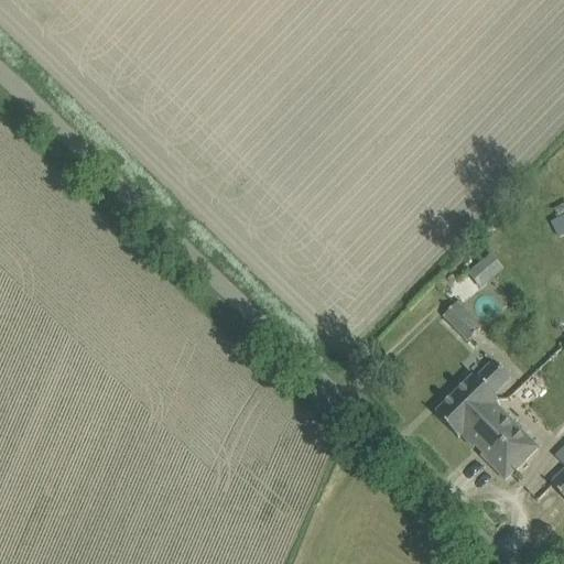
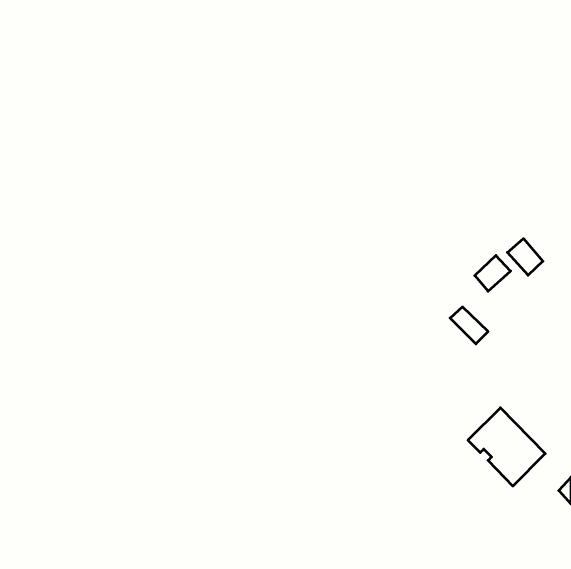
building: none -> [507,239,543,275]
building: [434,359,509,436] -> none

